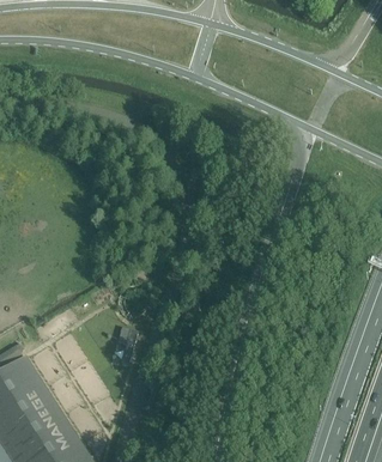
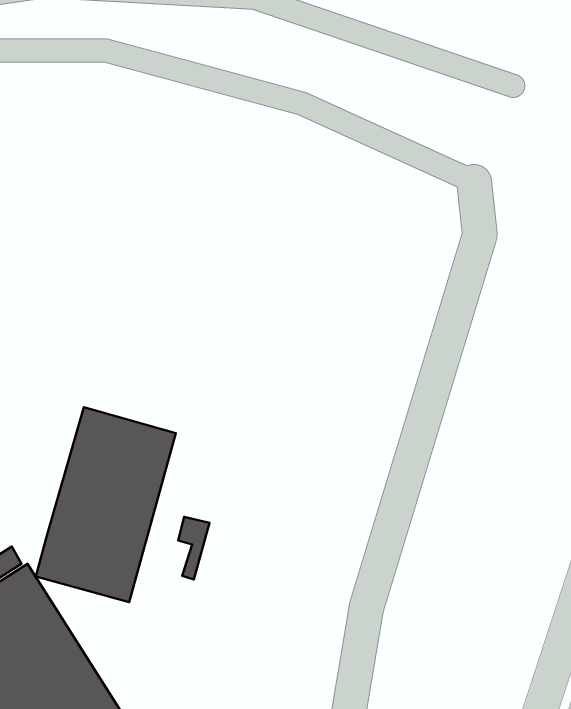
building: none -> [36,407,176,602]

